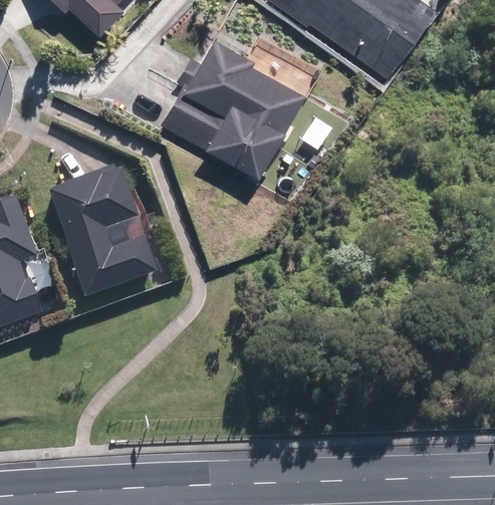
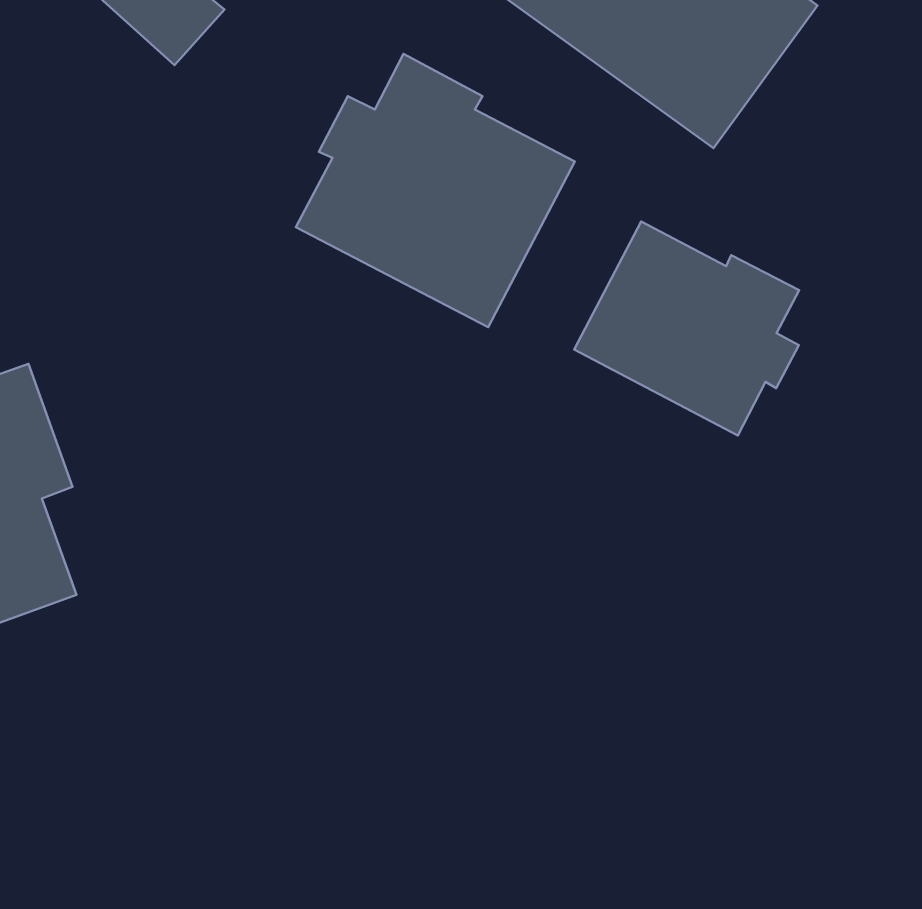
building: none -> [574,221,799,436]
building: [52,165,157,297] -> none

